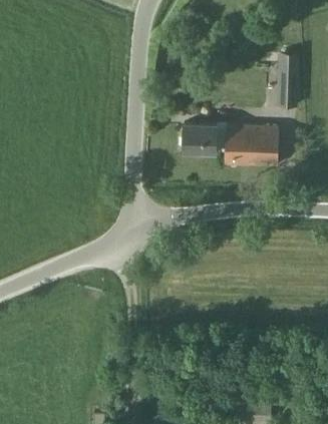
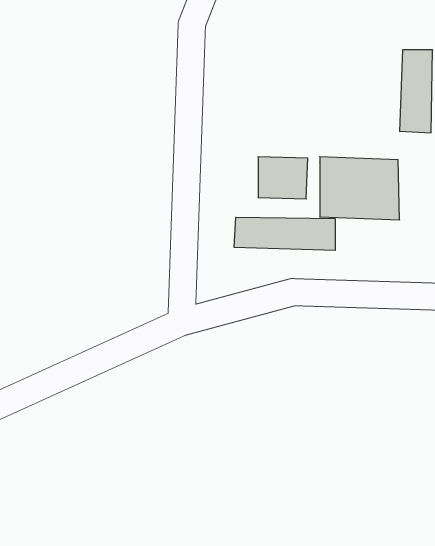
building: none -> [234,217,335,250]

